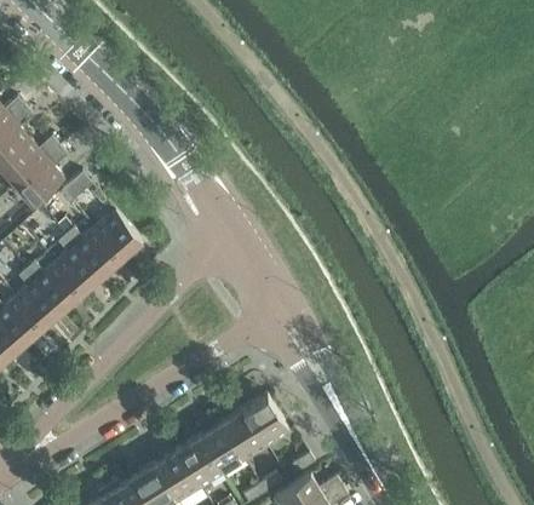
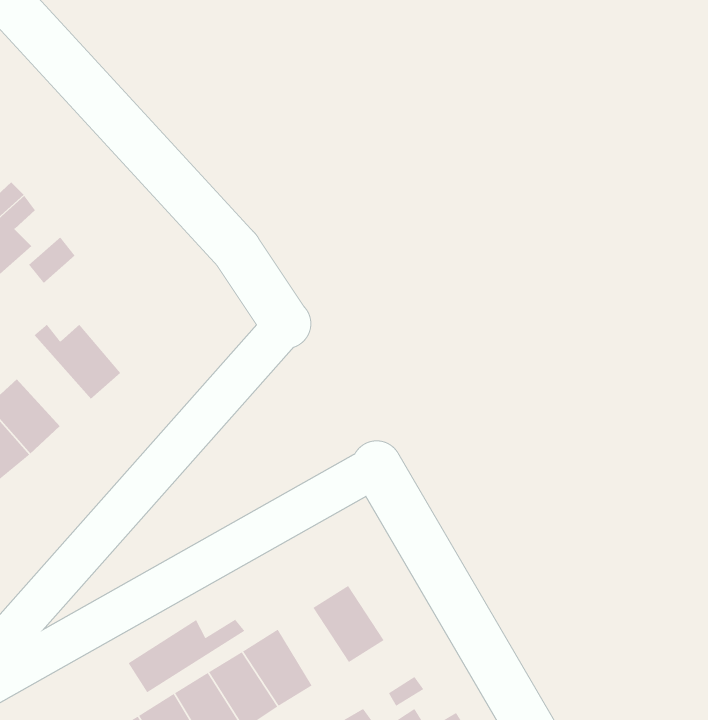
building: [94,212,142,262] -> none
building: [54,237,102,295] -> none
building: [222,412,266,461] -> none
building: none -> [128,619,245,693]

